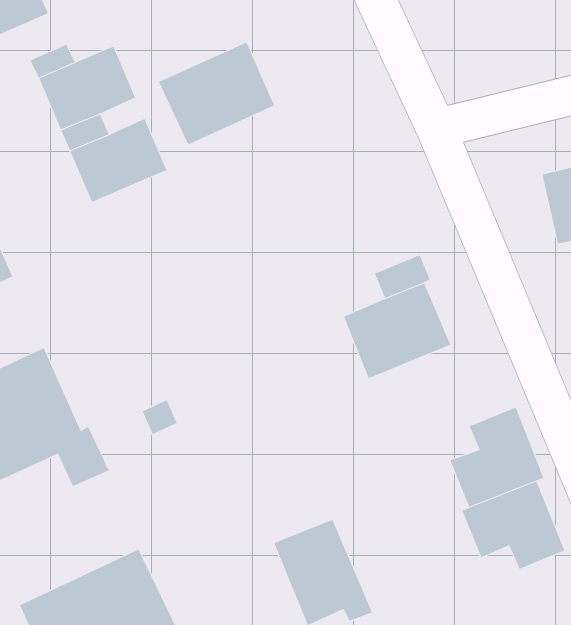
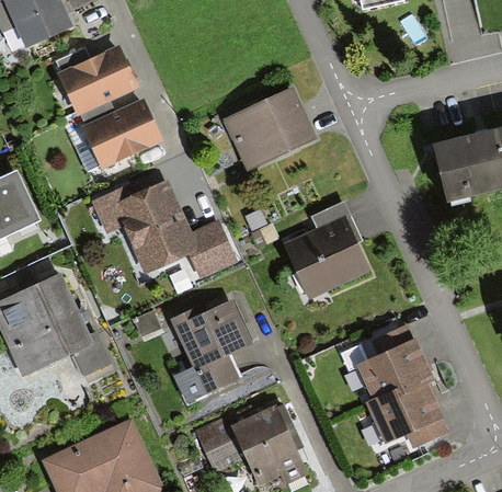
building: [158,42,275,145] -> [223,91,309,168]
building: none -> [92,174,235,278]
building: none -> [172,300,255,404]
building: none -> [197,417,244,459]

